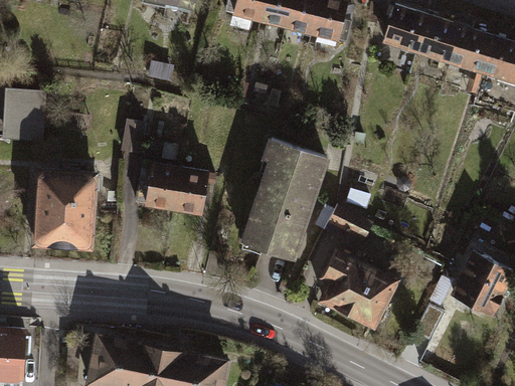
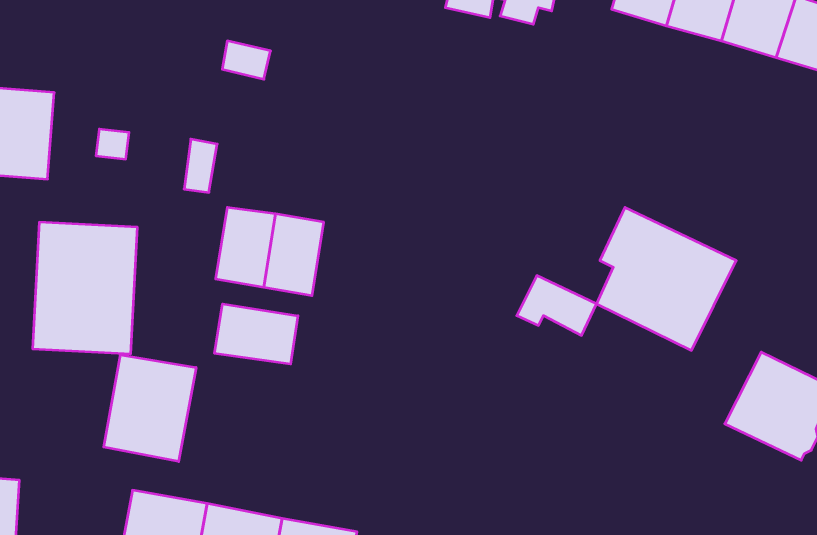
building: [240,137,329,255] -> none
building: none -> [215,304,298,364]
building: [317,245,401,332] -> [597,207,736,350]
building: none -> [104,355,196,462]

